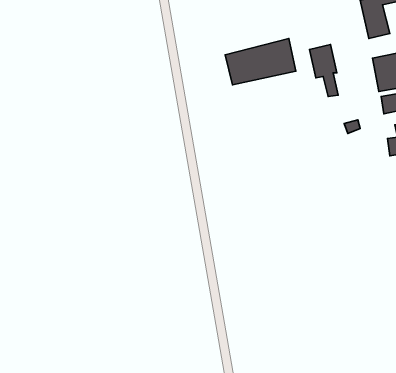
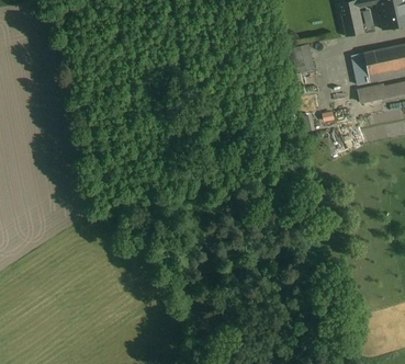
building: [225,38,296,85] -> none

